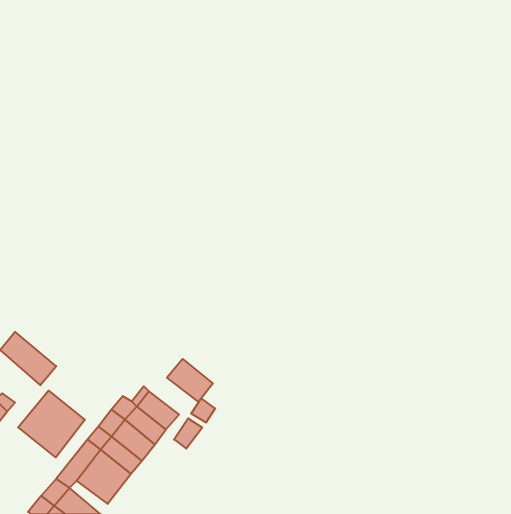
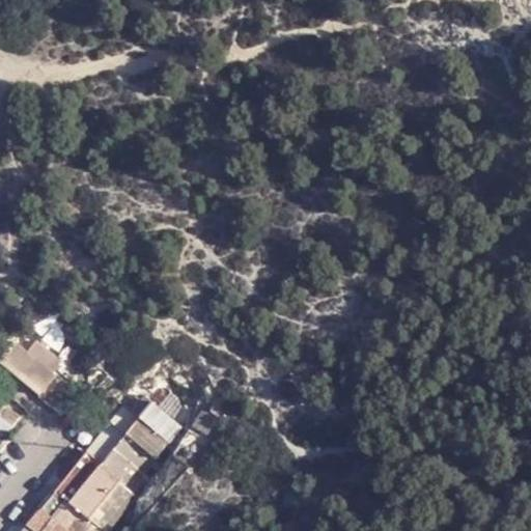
building: [167,359,213,402] -> none
building: [18,391,85,457] -> none

